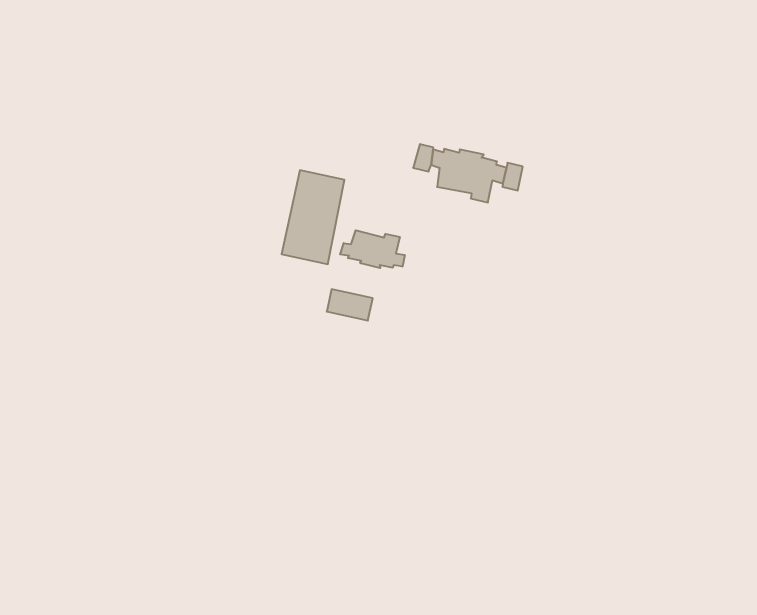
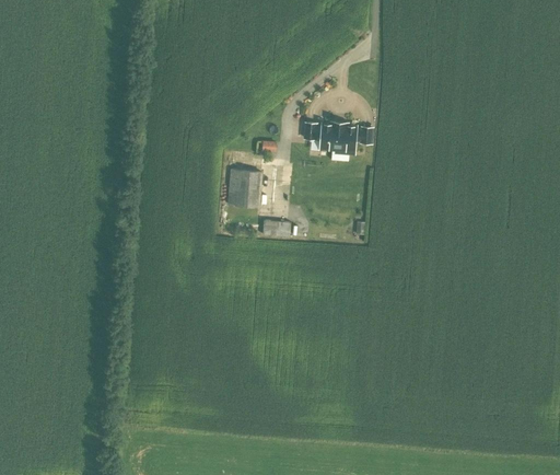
building: [340,230,405,268] -> none

